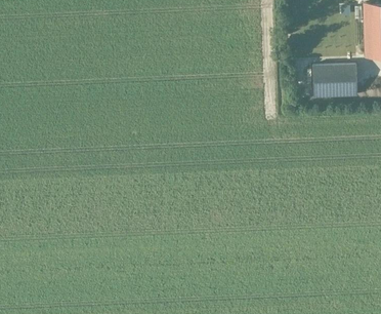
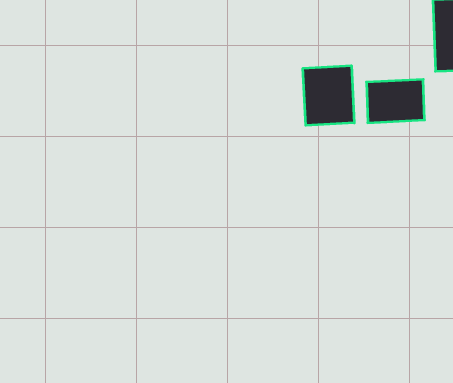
building: none -> [303,66,354,125]

